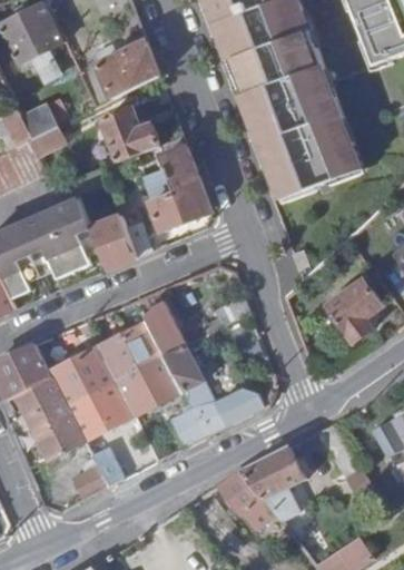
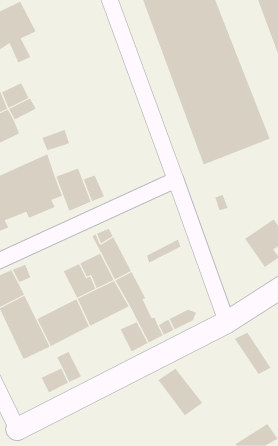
building: [81,39,160,105] -> none
building: [102,106,164,158] -> none
building: [148,146,211,228] -> none
building: [49,344,117,404] -> none
building: [243,443,306,518] -> none

